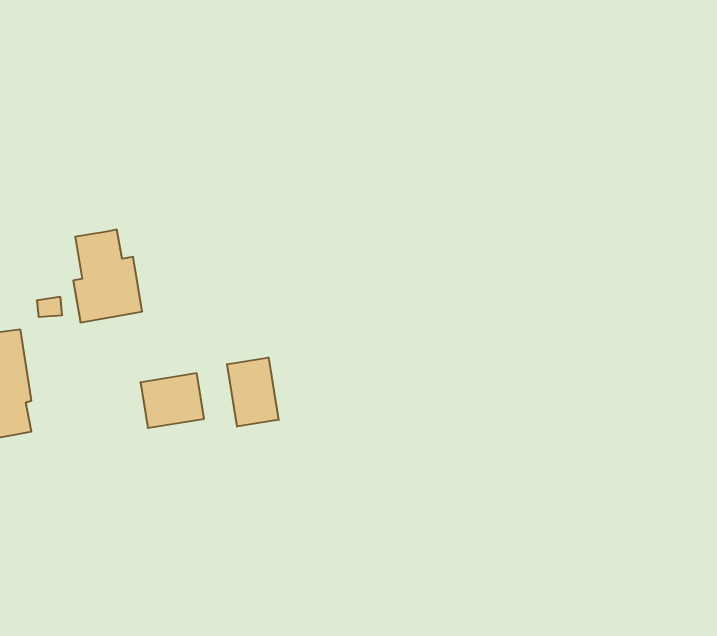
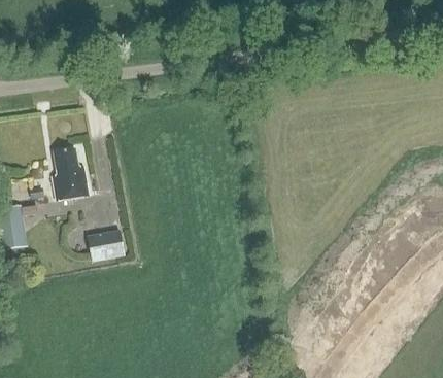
building: [227,357,279,427] -> none

